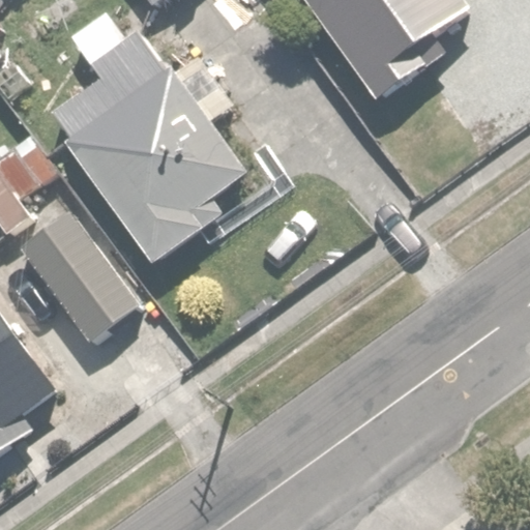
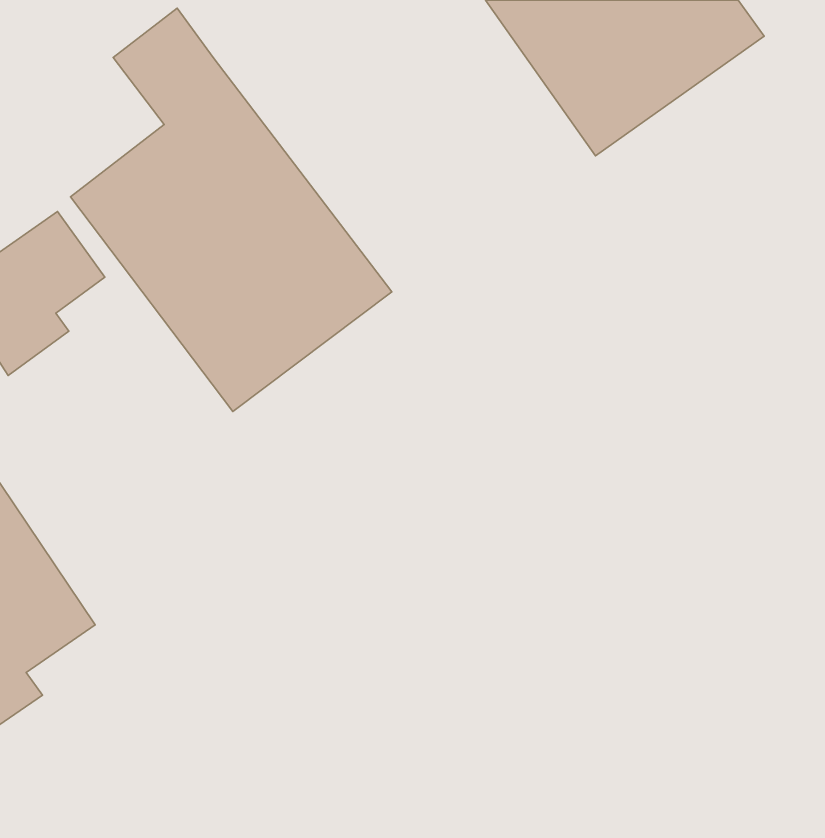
building: [18,209,141,342] -> none

